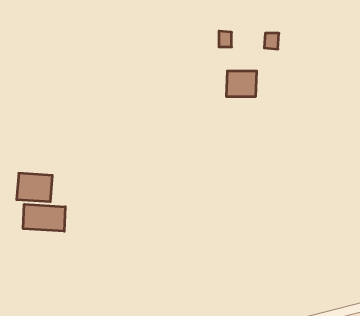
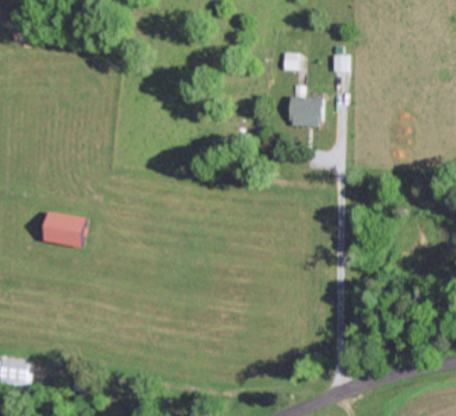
building: [23,204,65,231] -> none

